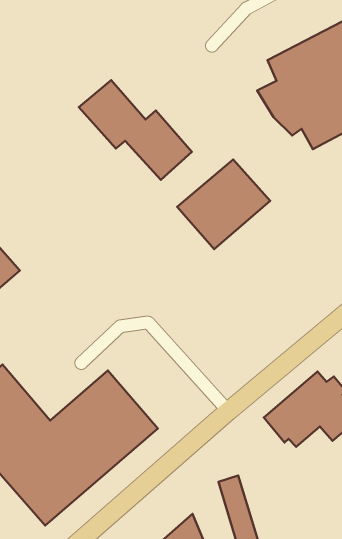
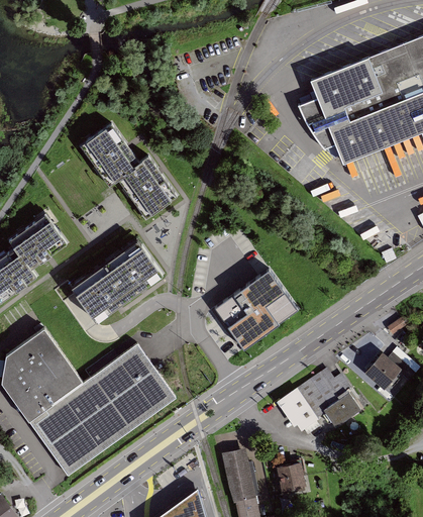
building: [79,80,192,180] -> [80,126,177,220]
building: [177,160,270,249] -> [214,270,298,348]
building: none -> [72,240,164,323]
building: none -> [278,467,306,493]

